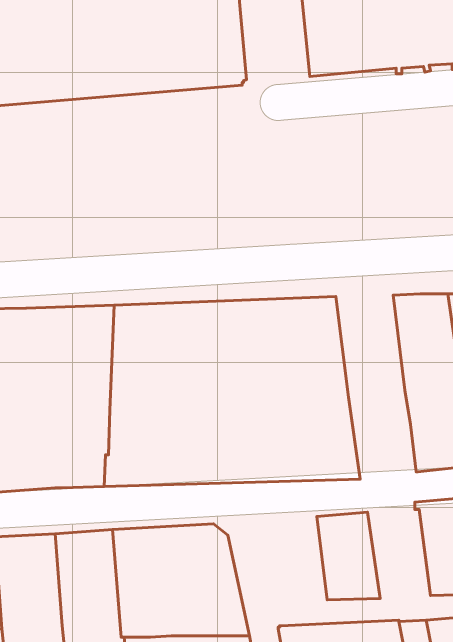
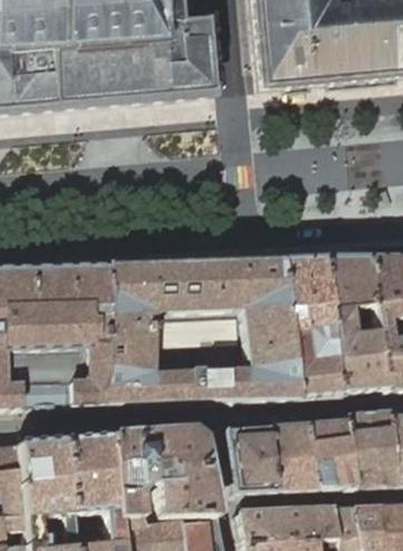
building: none -> [282,256,345,397]
building: none -> [307,420,355,489]
building: none -> [226,426,276,492]

